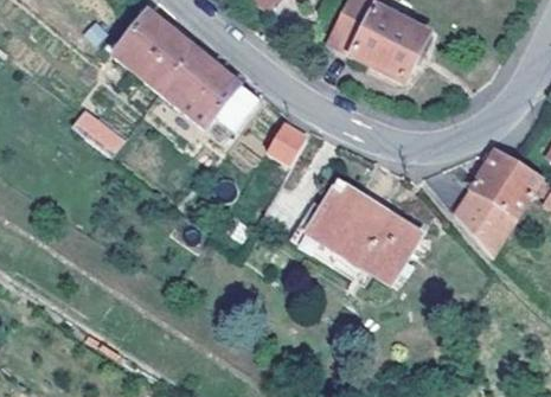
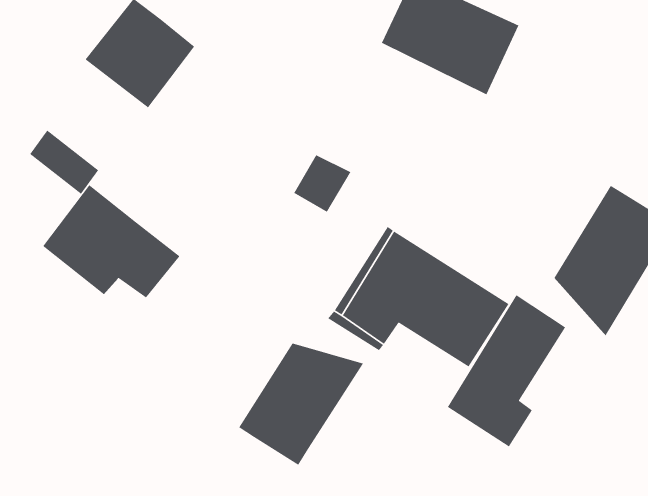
building: [159,46,260,129] -> [42,184,180,298]
building: none -> [447,294,566,447]
building: none -> [238,342,364,466]

